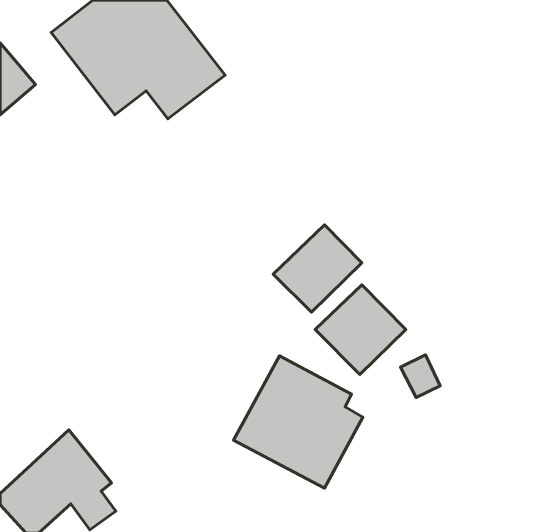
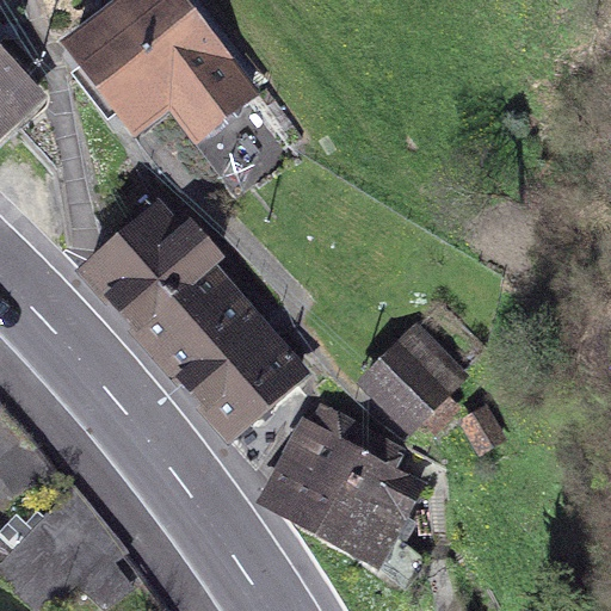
building: none -> [81,199,307,440]
building: [273,225,362,312] -> none

